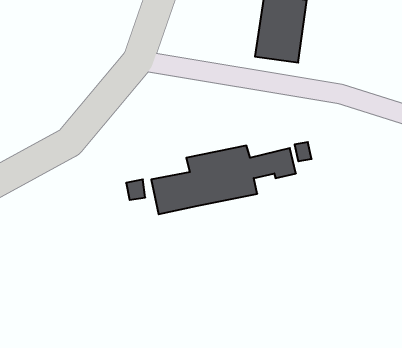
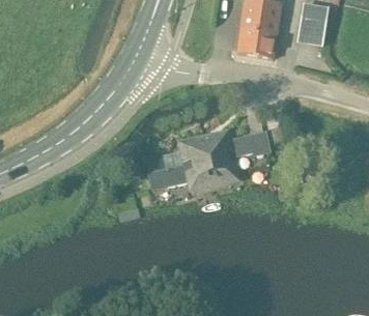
building: none -> [299,16,327,44]

